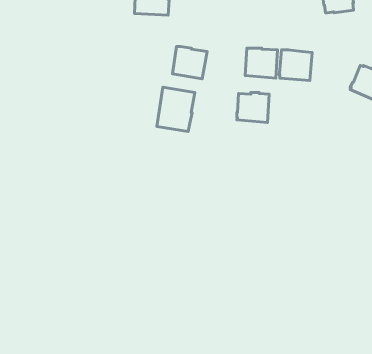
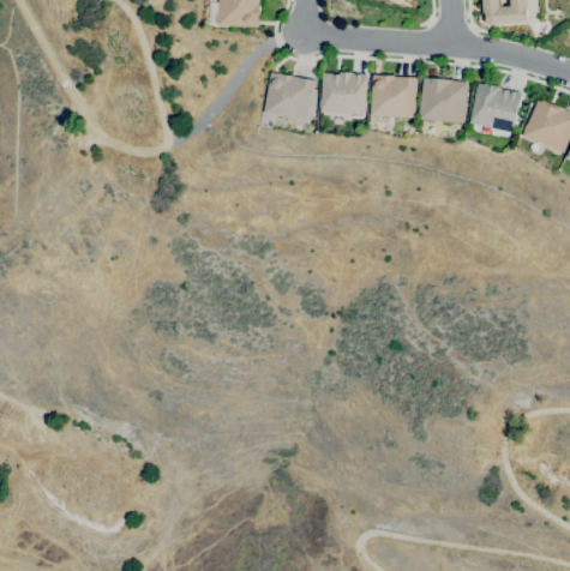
building: none -> [470,83,522,132]
building: [157,87,195,132] -> none
building: [237,93,269,122] -> [320,72,367,115]

